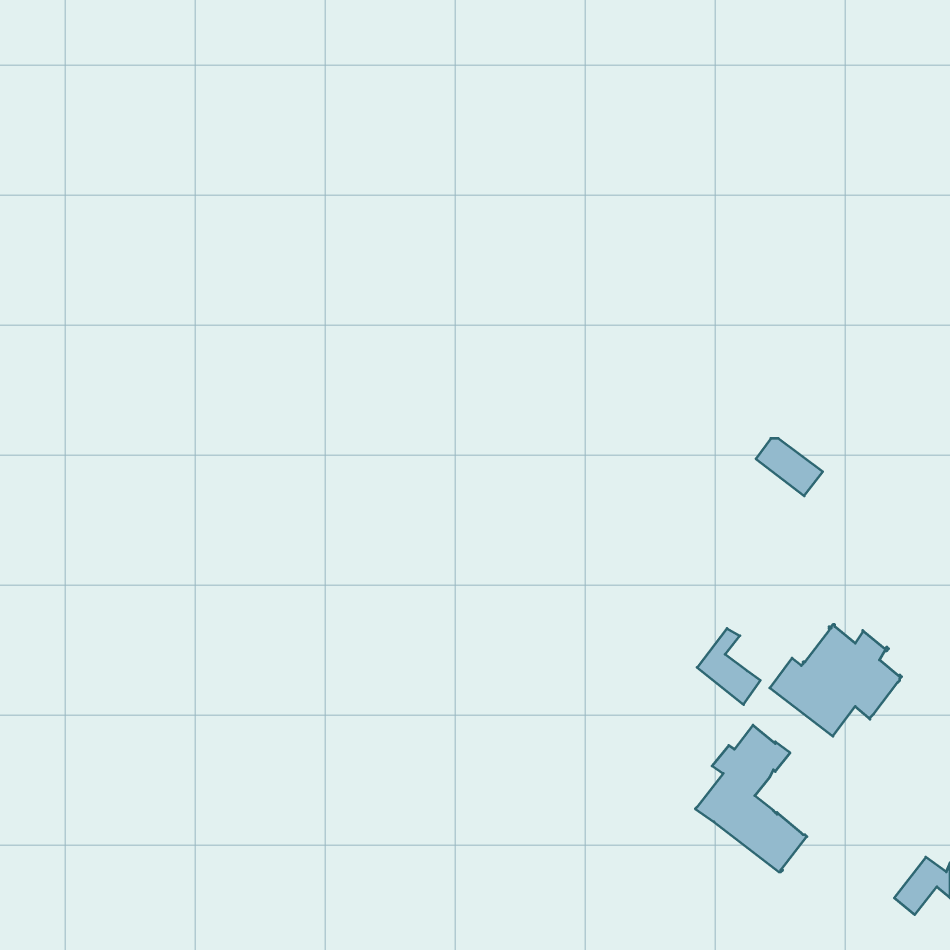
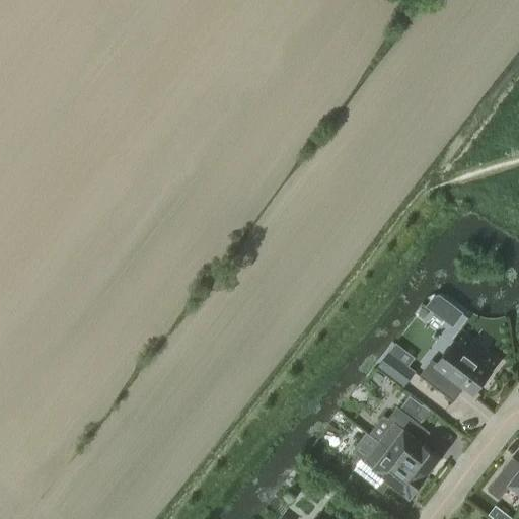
building: [756,438,823,496] -> [427,295,463,326]
building: none -> [351,441,425,495]

